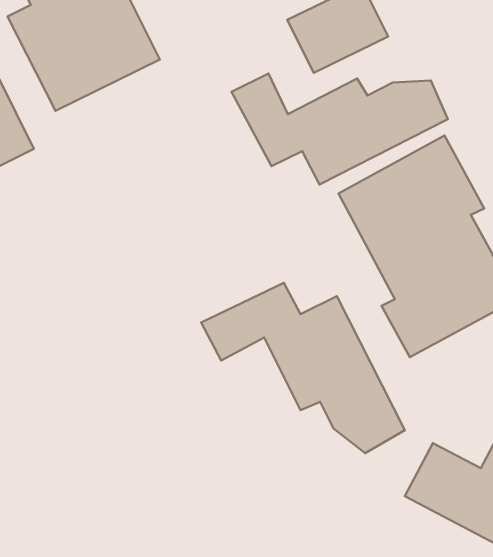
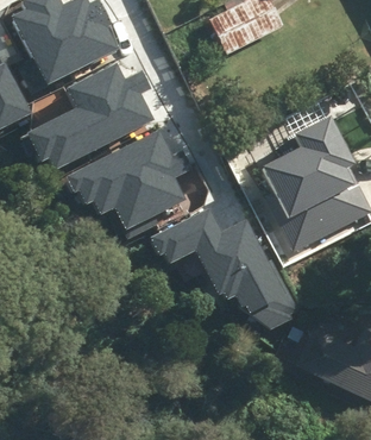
building: [232,74,448,185] -> none
building: none -> [25,62,152,168]
building: none -> [64,125,188,227]

